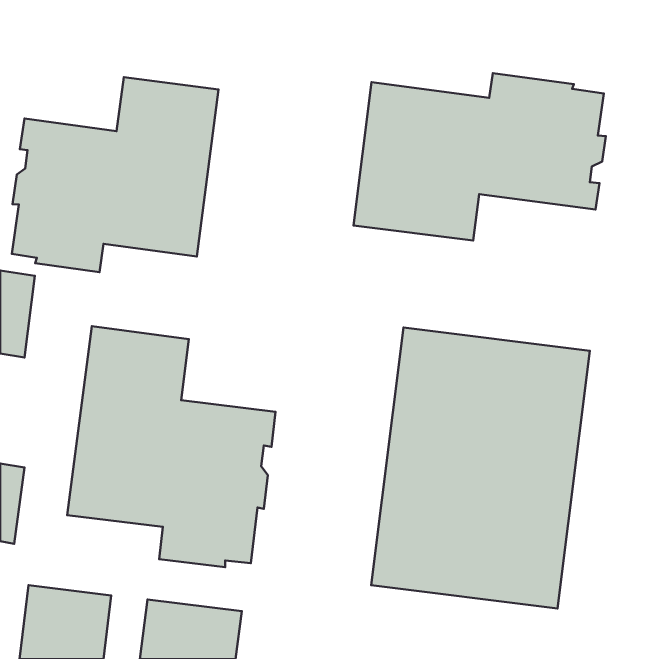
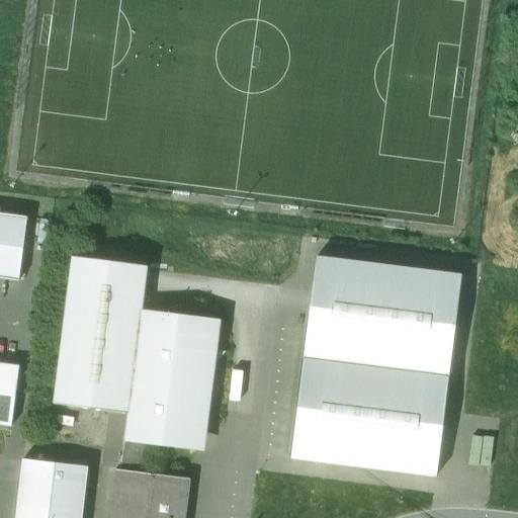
building: [354,73,606,240] -> none
building: [12,77,218,272] -> none

